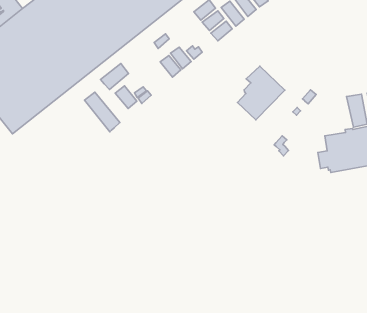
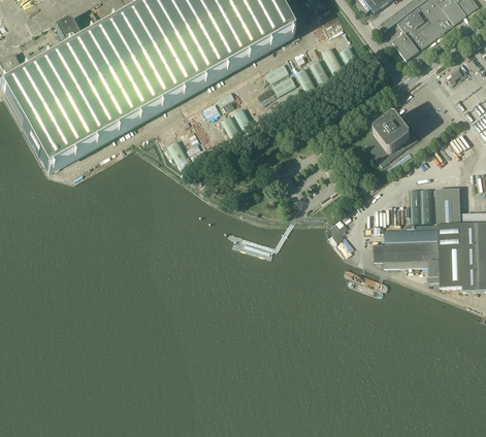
building: [100,63,129,90] -> none
building: [238,66,285,120] -> [365,108,418,165]
building: [85,92,120,132] -> none

